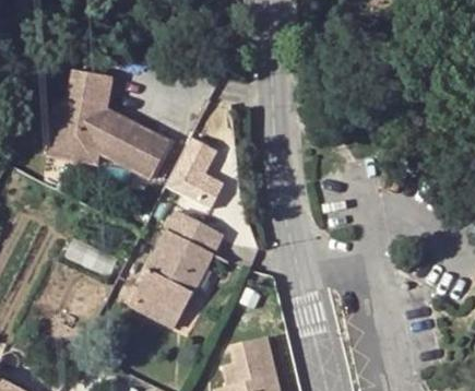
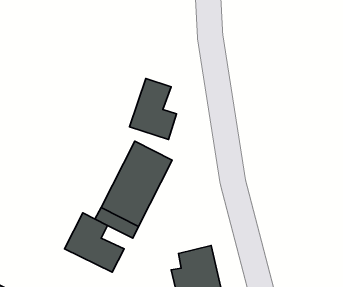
building: [49,72,170,178] -> none
building: none -> [65,213,124,272]

